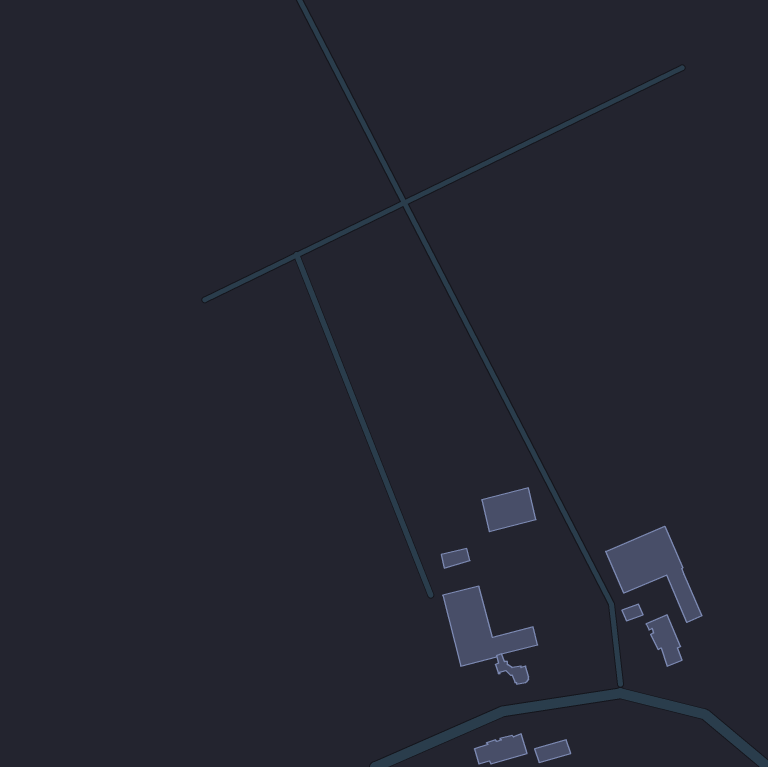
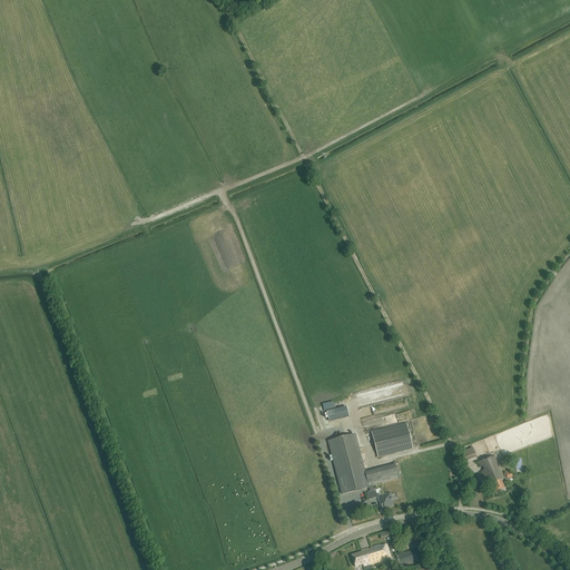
building: [482,488,536,532] -> [371,422,411,454]
building: [606,526,702,622] -> none

